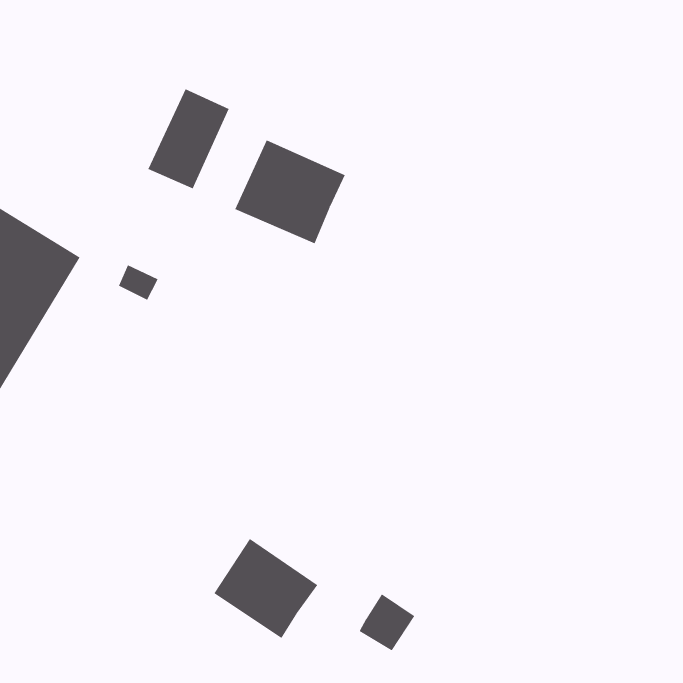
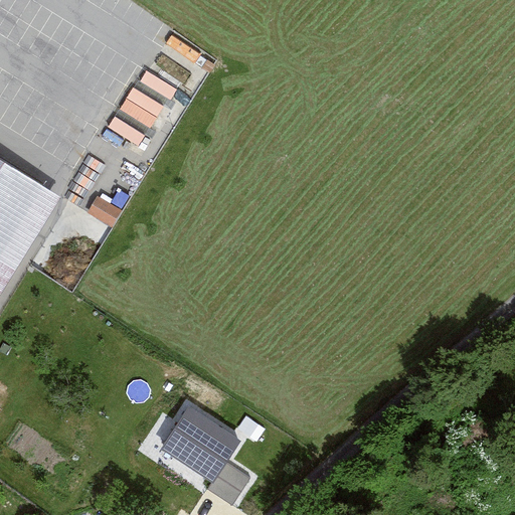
building: [235,139,346,244] -> none
building: [359,593,415,651] -> [206,462,248,505]

